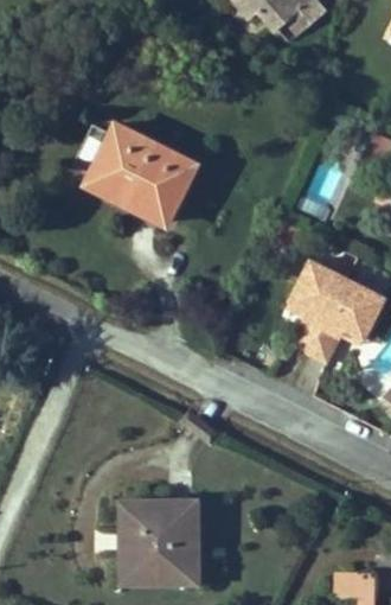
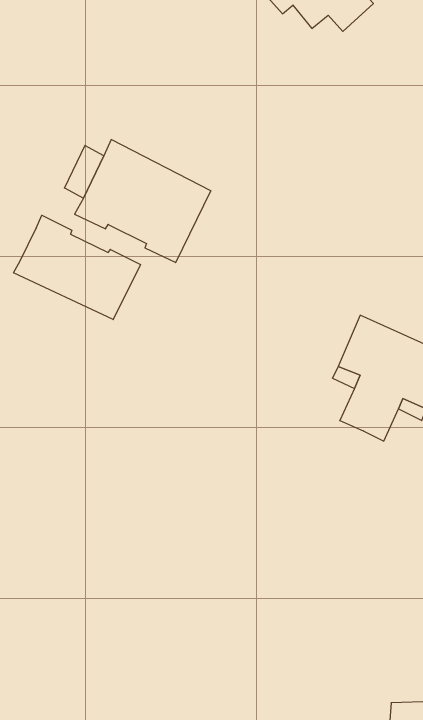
building: none -> [14,215,140,320]
building: [123,501,199,582] -> none

